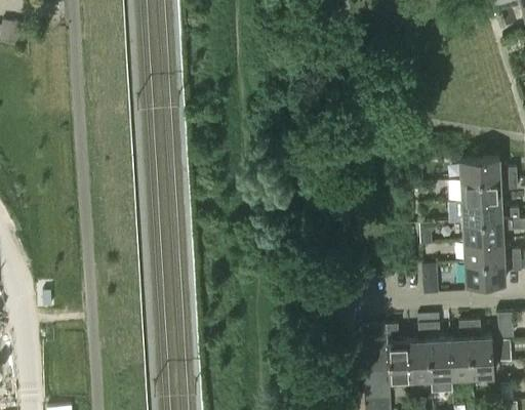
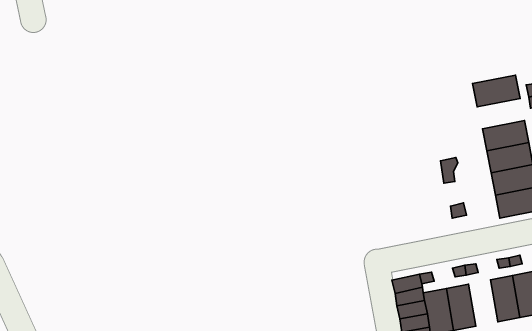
building: [460,179,501,202] -> none
building: [430,339,451,379] -> none

